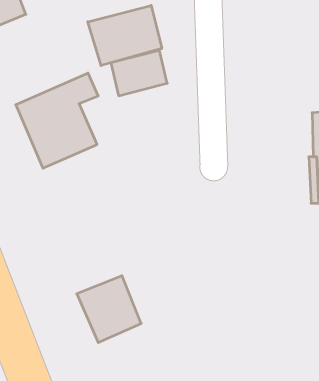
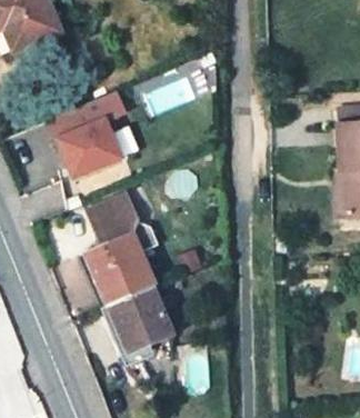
building: [88,5,162,66] -> none
building: none -> [87,192,158,305]

